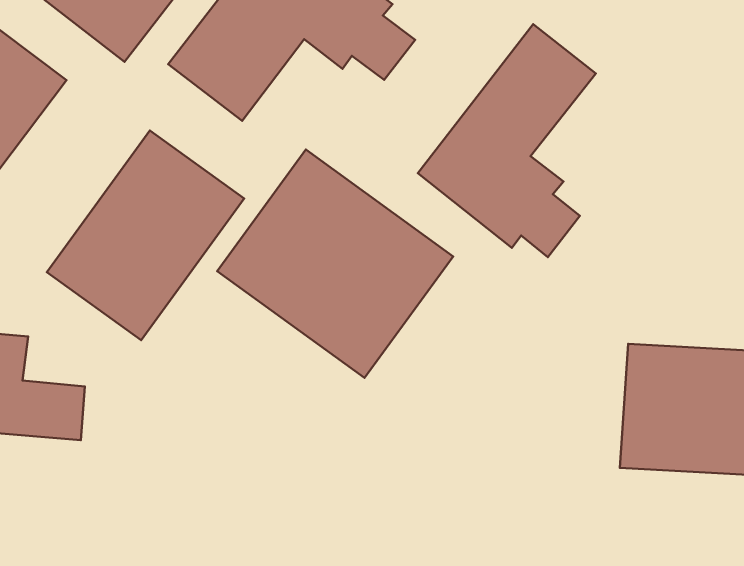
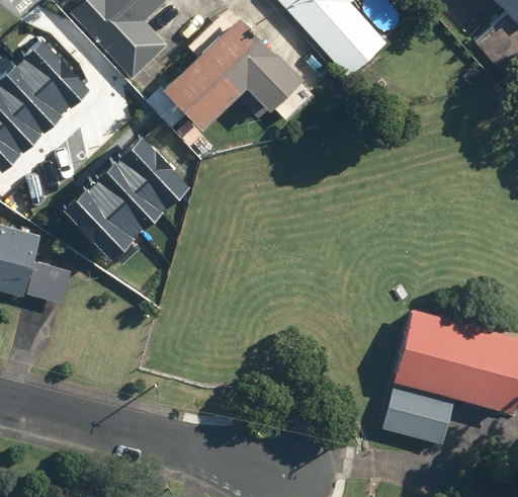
building: [418,24,596,257] -> none
building: [217,150,453,378] -> none
building: none -> [381,396,450,444]

